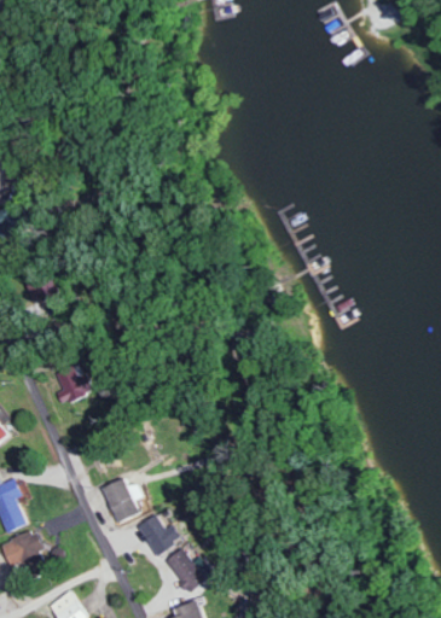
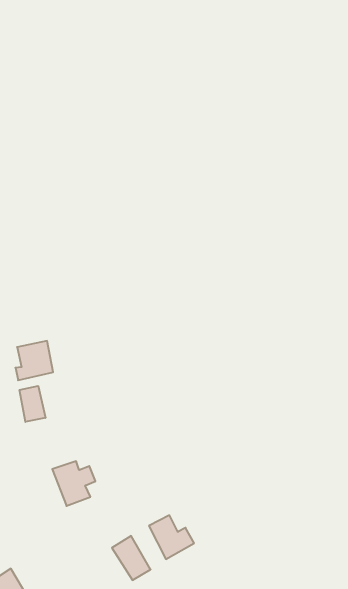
building: none -> [20,386,45,422]
building: [138,513,184,556] -> [149,515,194,559]

